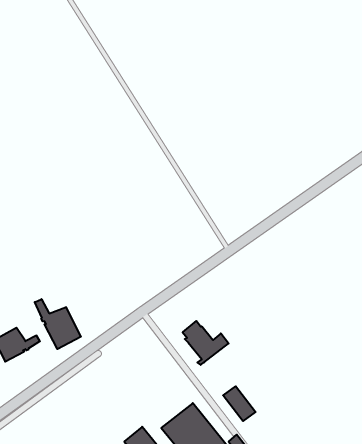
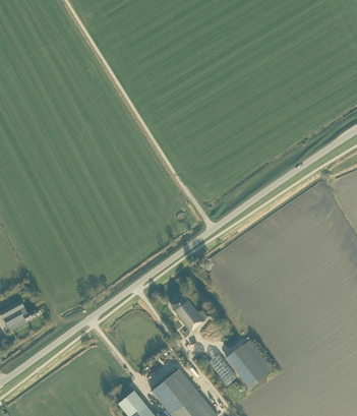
building: [35,299,81,349] -> none
building: none -> [227,346,265,387]

